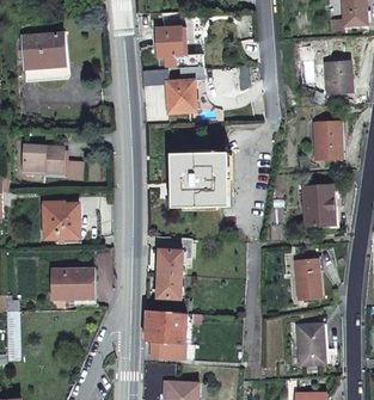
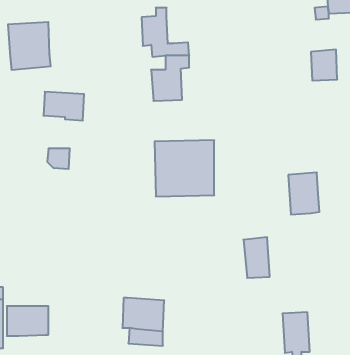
building: [314,121,343,159] -> none
building: [23,144,63,173] -> [43,92,84,120]
building: [44,202,80,238] -> none
building: [155,250,180,296] -> none
building: [295,258,321,299] -> [243,237,270,278]
building: [53,269,94,299] -> [7,306,48,336]

